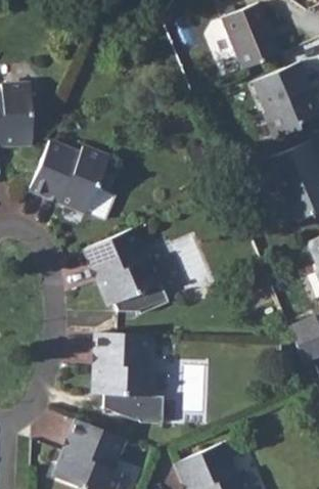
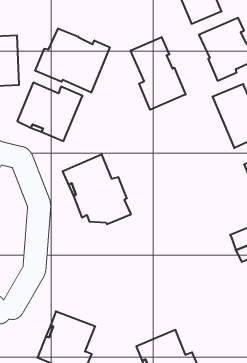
building: none -> [35,28,110,93]
building: none -> [131,37,186,110]
building: [94,331,165,423] -> none

